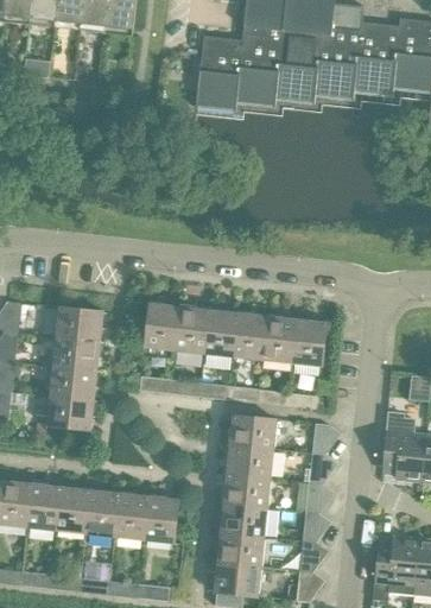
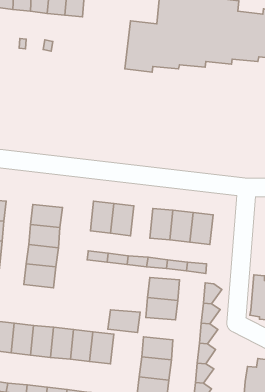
building: [204,310,237,357] -> none
building: [223,475,271,508] -> [108,310,140,332]

